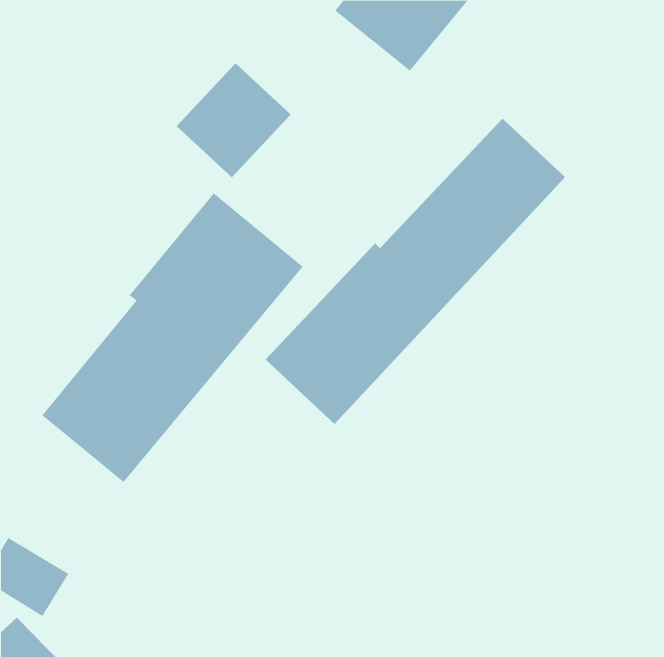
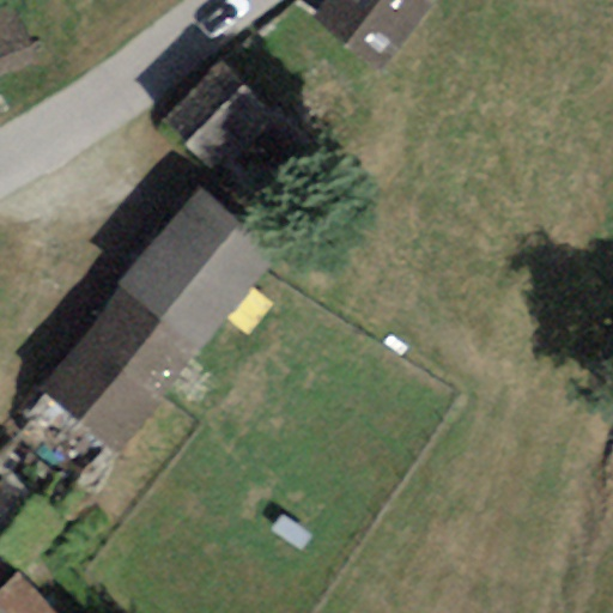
building: [265,118,566,425] -> none

